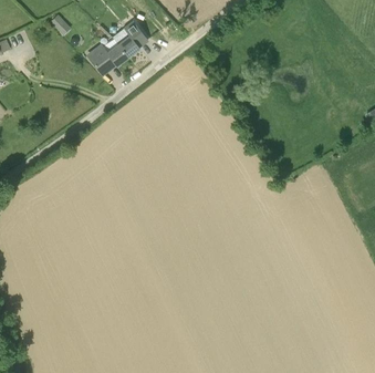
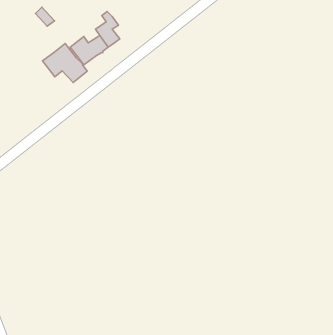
building: none -> [43,44,87,83]

